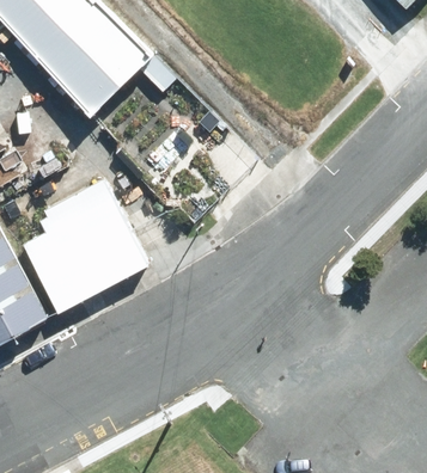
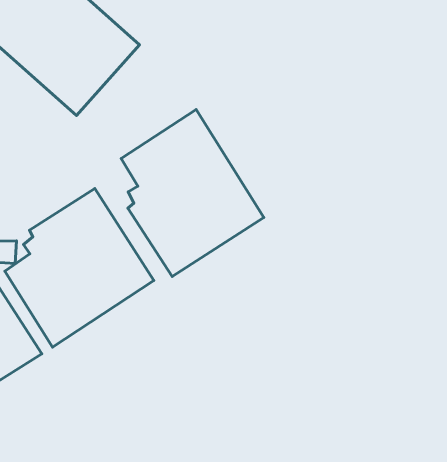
building: none -> [121,109,264,276]

